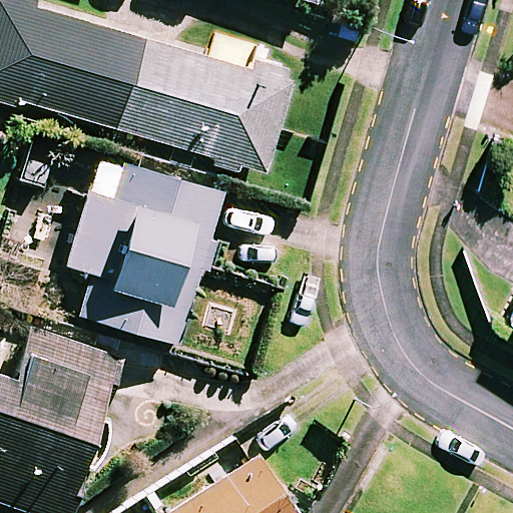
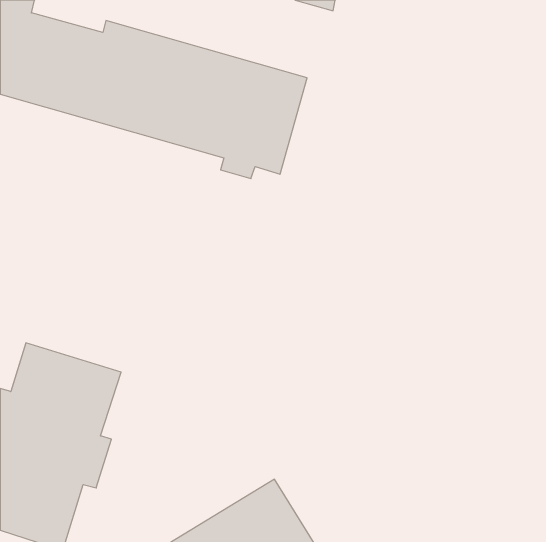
building: [70,154,224,342] -> none

